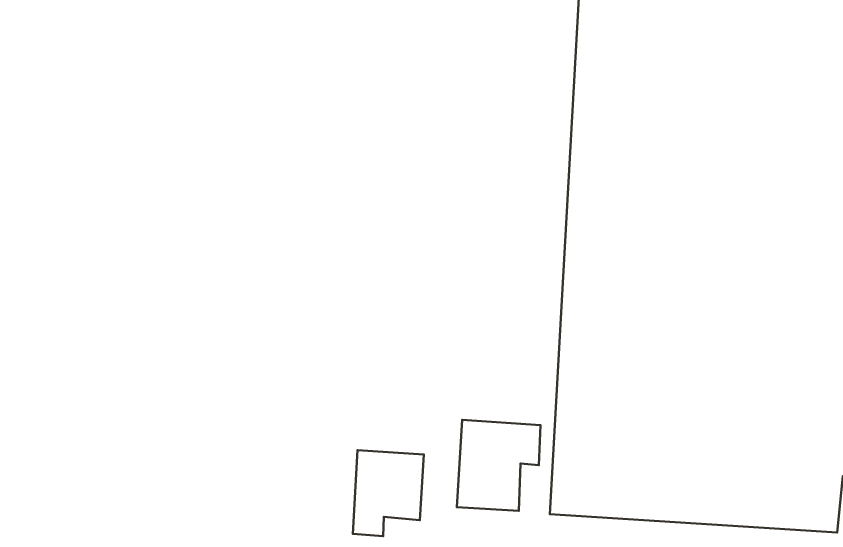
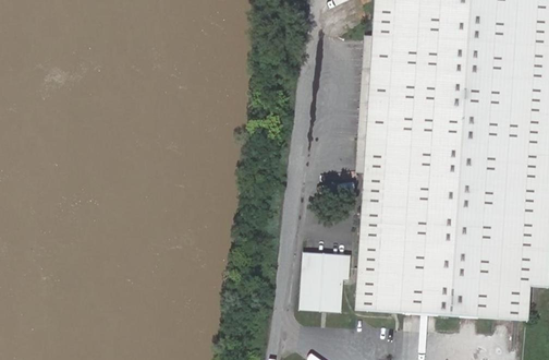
building: [353,450,424,536] -> none

